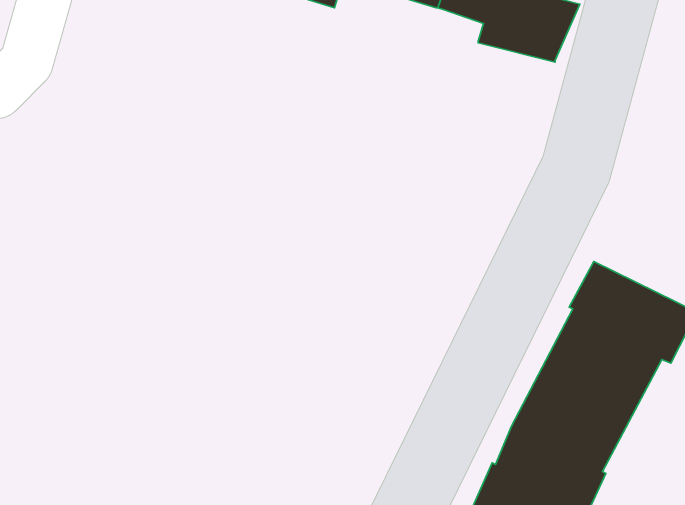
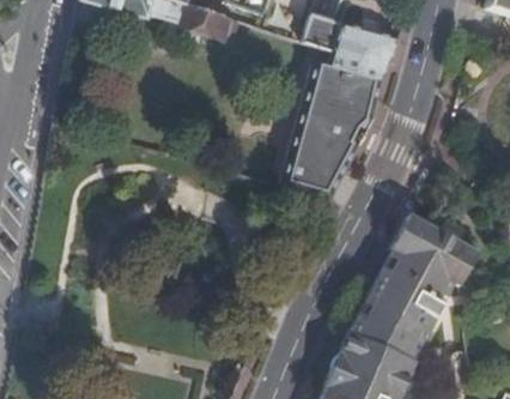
building: none -> [281,60,383,197]

